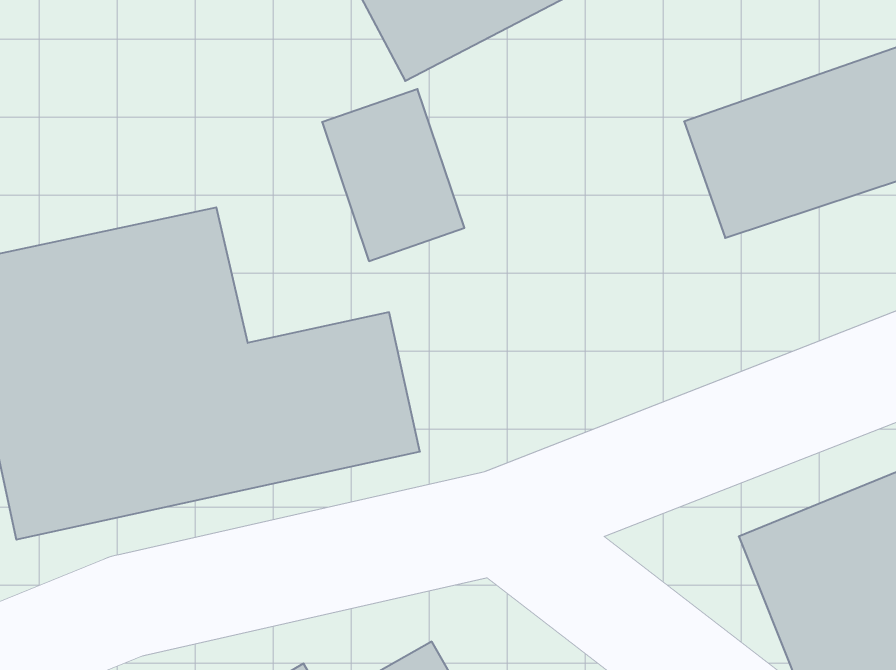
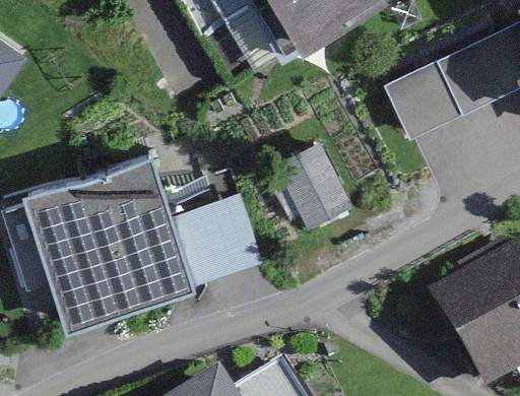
building: [322,89,464,261] -> [275,142,352,232]

